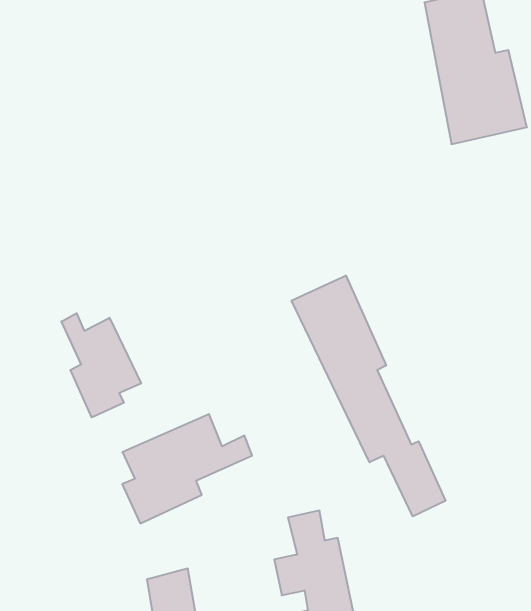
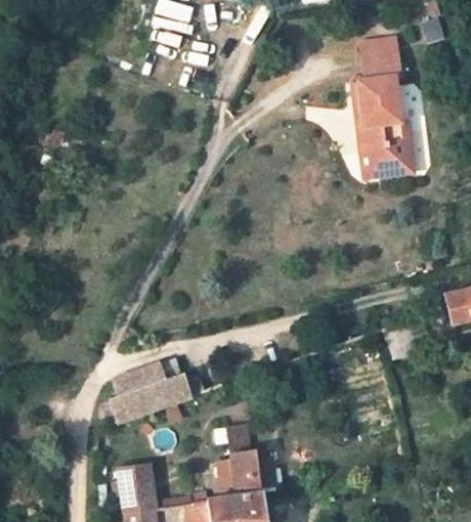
building: [292,276,445,516] -> none
building: [61,313,141,417] -> none

